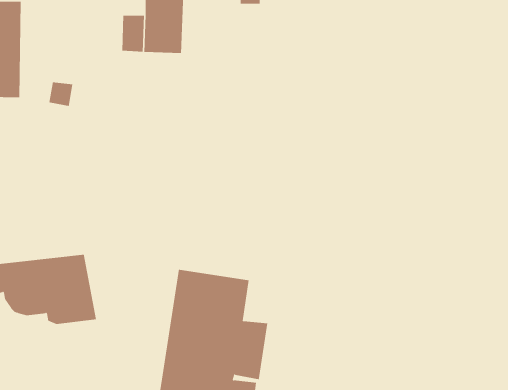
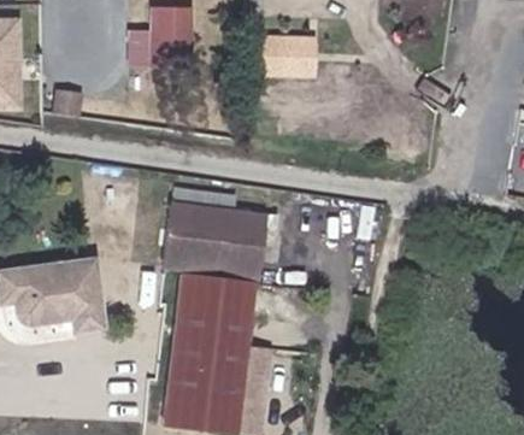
building: none -> [264,42,313,78]
building: none -> [155,192,254,269]

